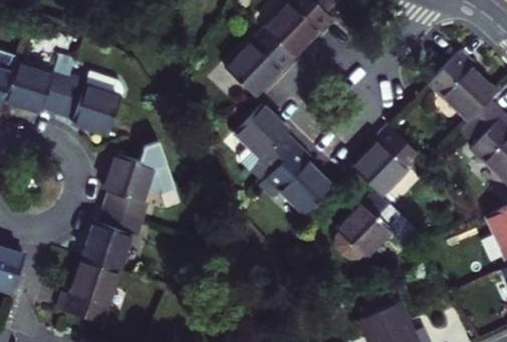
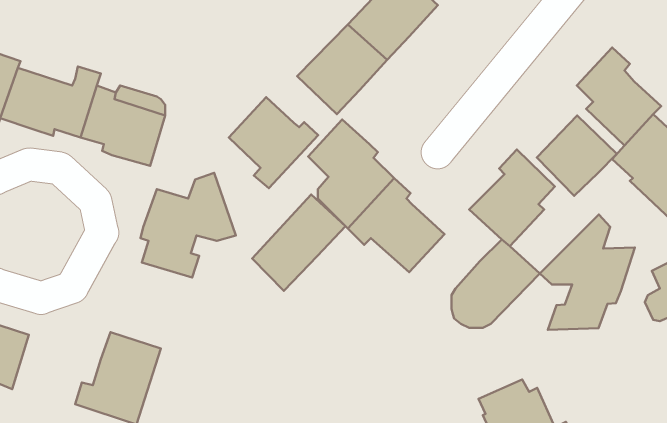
building: none -> [229,97,318,188]
building: none -> [537,116,617,196]
building: none -> [252,195,345,291]
building: none -> [540,214,635,330]
building: [86,208,147,271] -> none

